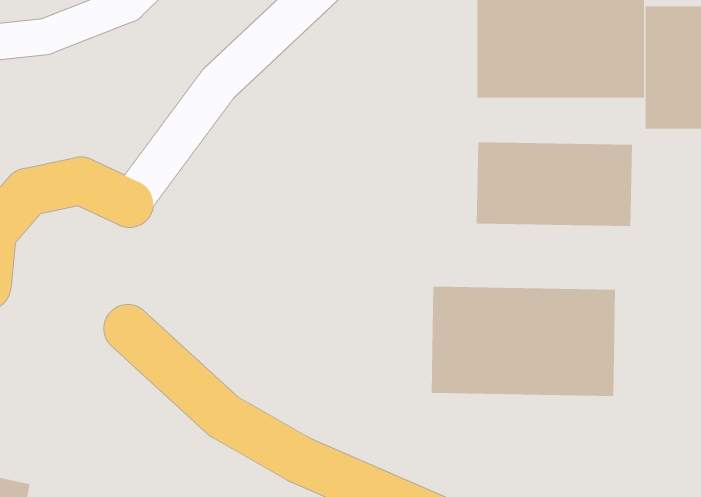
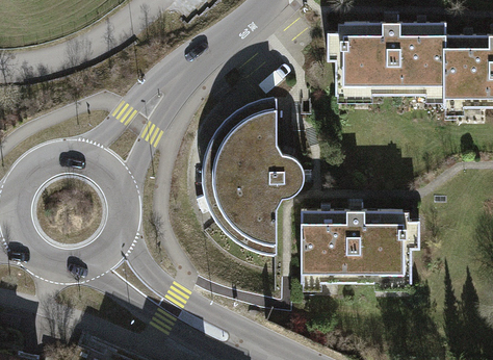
building: none -> [207,96,307,255]
building: [476,142,633,227] -> none

